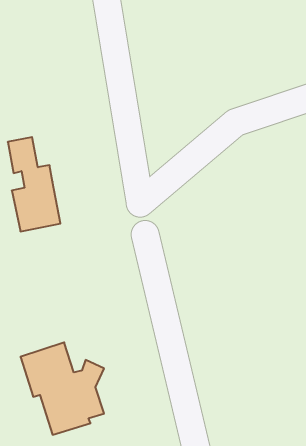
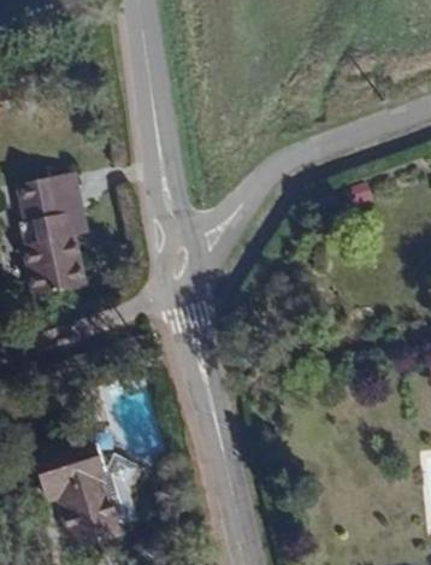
building: none -> [48,172,87,233]

